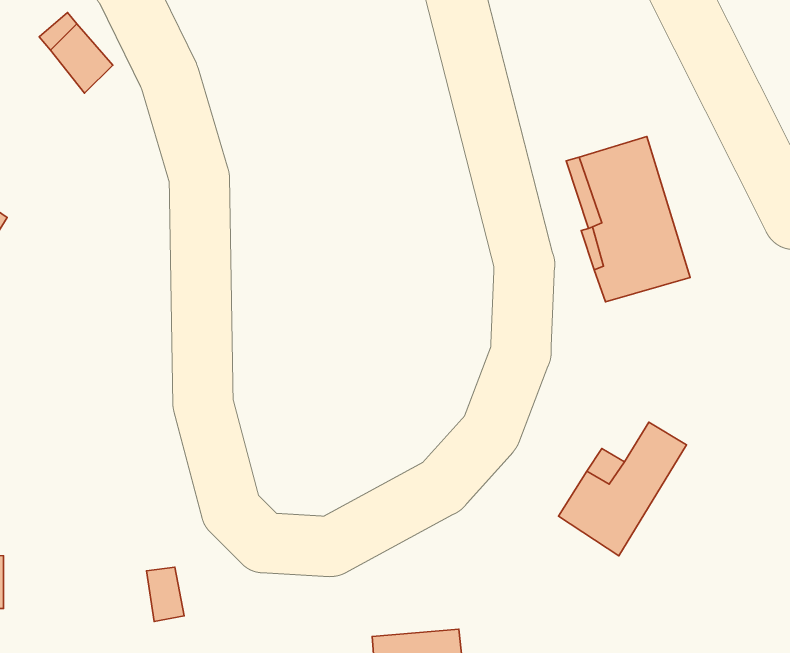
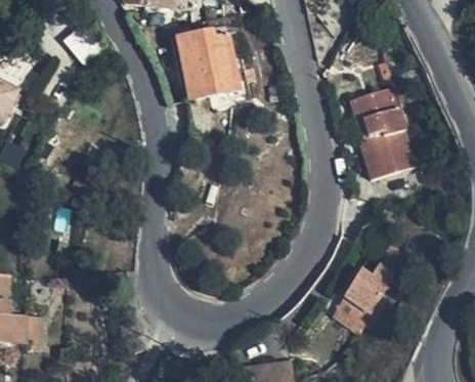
building: none -> [179,23,239,97]
building: none -> [334,293,380,333]

